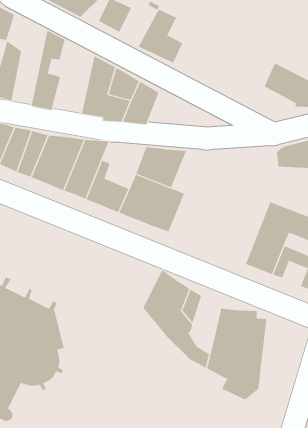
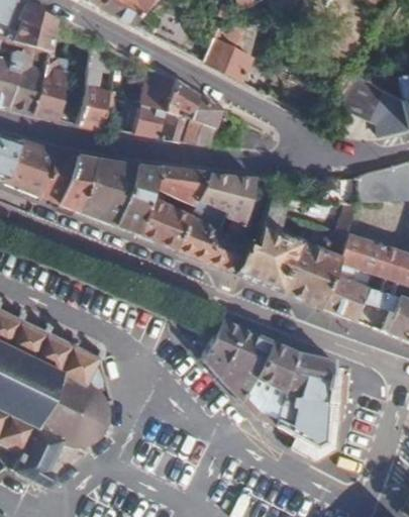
building: none -> [156,166,206,203]
building: none -> [232,179,360,306]
building: none -> [260,342,291,397]

